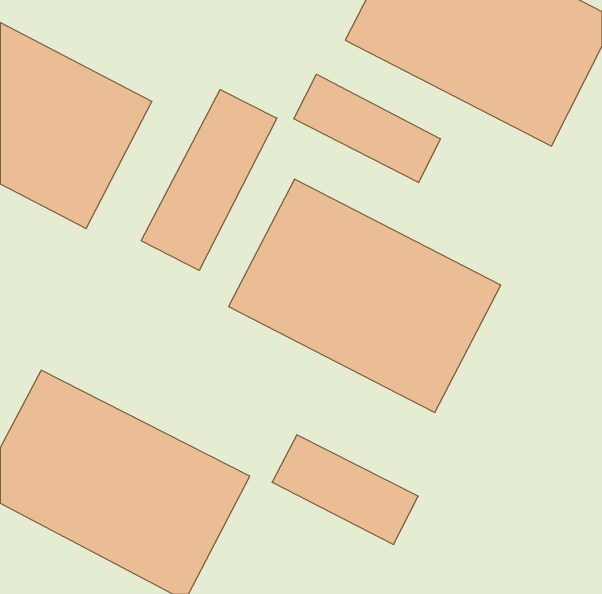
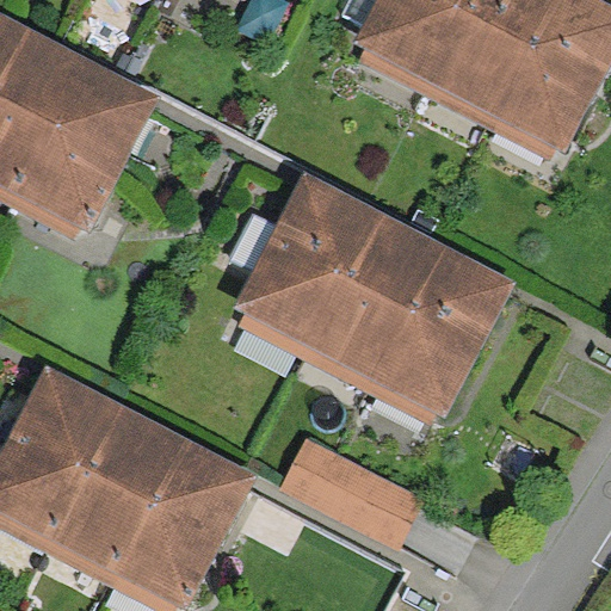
building: [294,74,440,183] -> none
building: [141,90,277,270] -> none

